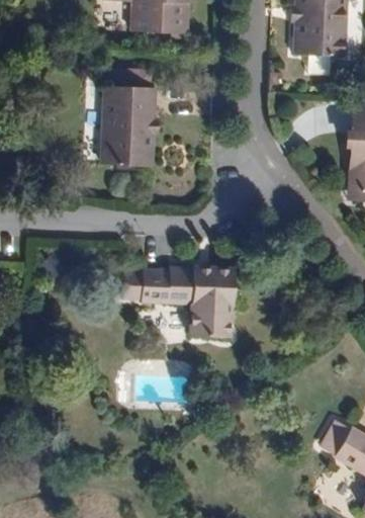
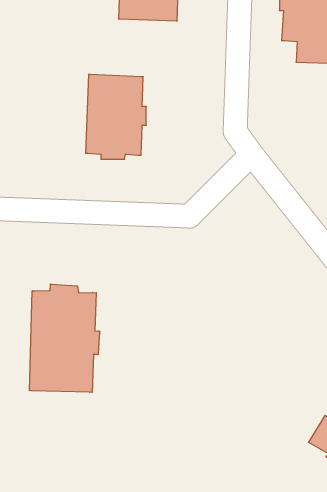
building: [144,266,237,336] -> none
building: none -> [29,284,100,392]

